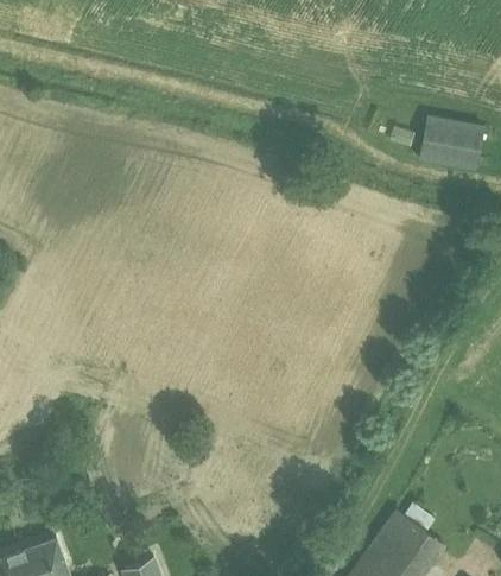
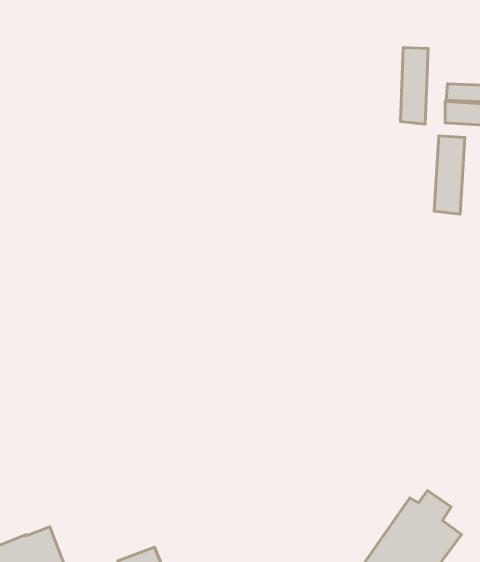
building: none -> [400,47,428,124]
building: none -> [434,136,465,214]

